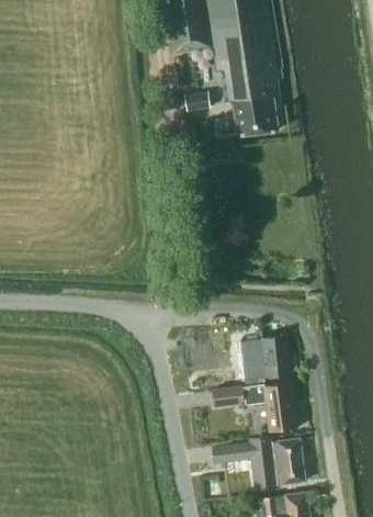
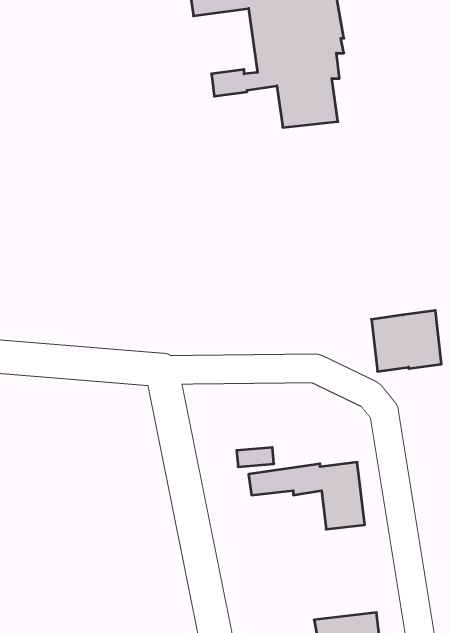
building: [240,335,292,380] -> [371,310,441,371]
building: [213,437,306,488] -> none

